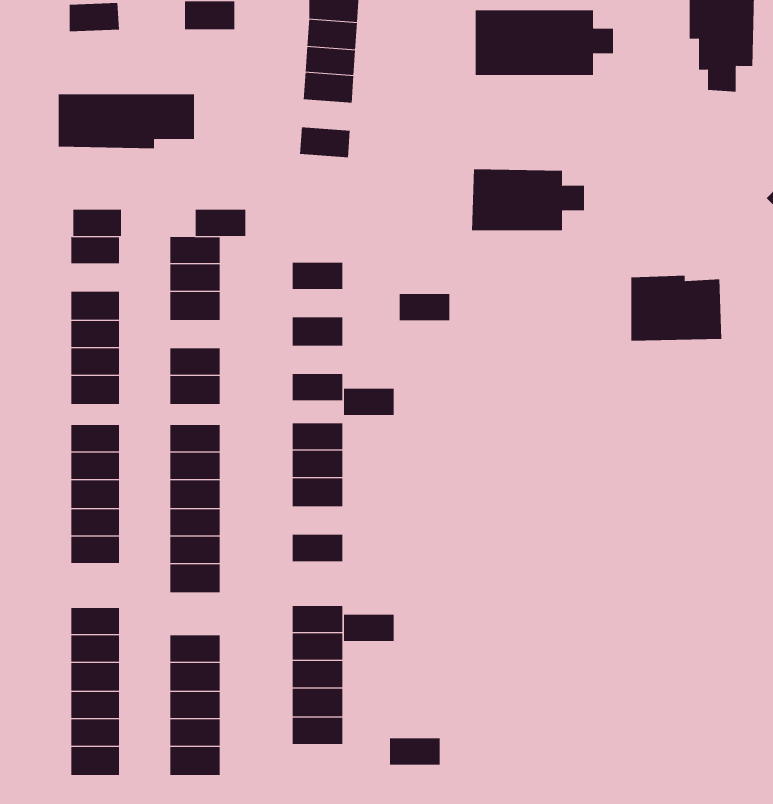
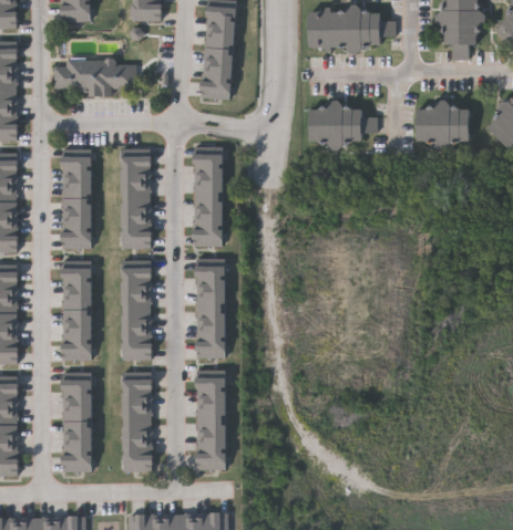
building: none -> [202,64,233,83]
building: [72,209,122,236] -> [62,164,92,180]
building: [195,209,246,236] -> [196,146,227,163]
building: [631,275,722,341] -> [413,105,469,145]
building: [399,294,450,321] -> [196,179,227,196]
building: none -> [122,198,153,215]
building: [343,388,394,416] -> [196,214,227,230]
building: none -> [196,311,227,328]
building: none -> [62,345,92,363]
building: none -> [122,372,153,388]
building: [343,614,394,641] -> [196,344,227,361]
building: [389,738,441,765] -> [196,455,227,471]

